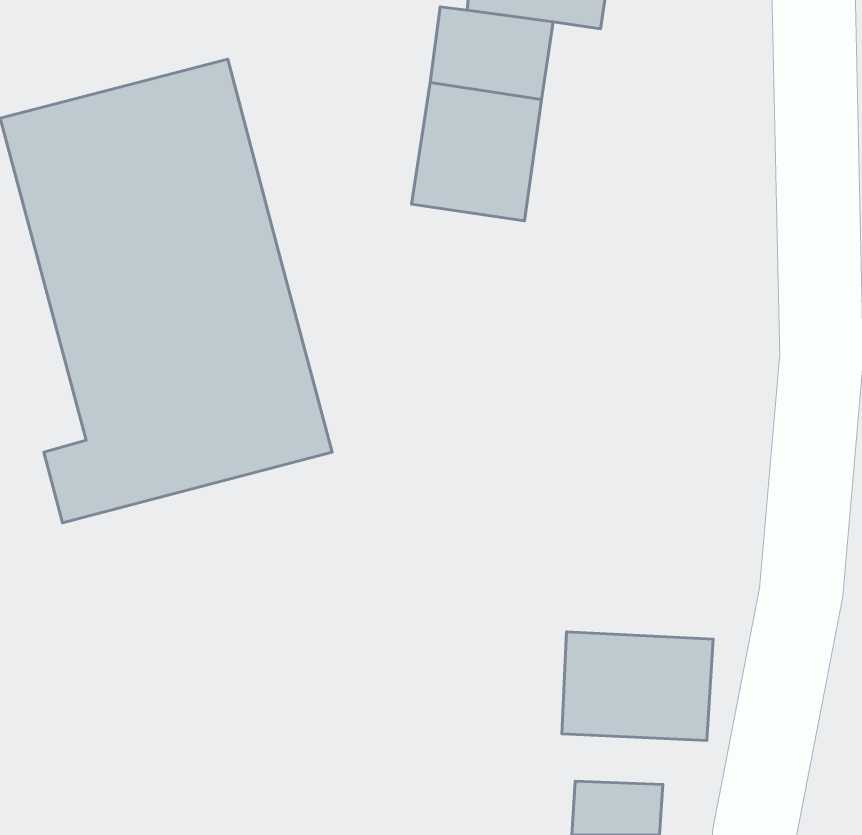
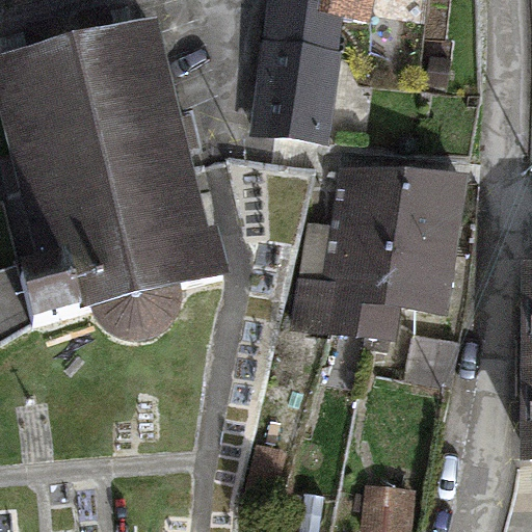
building: none -> [294,170,463,337]
building: [562,632,713,741] -> none

